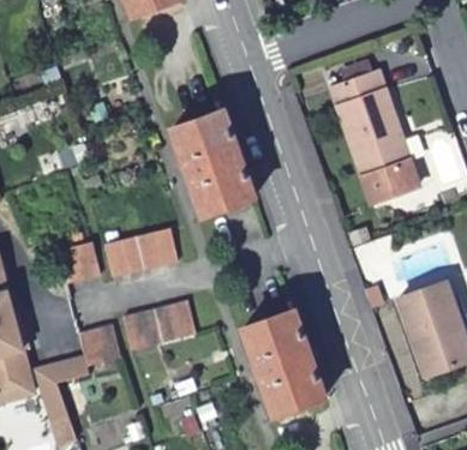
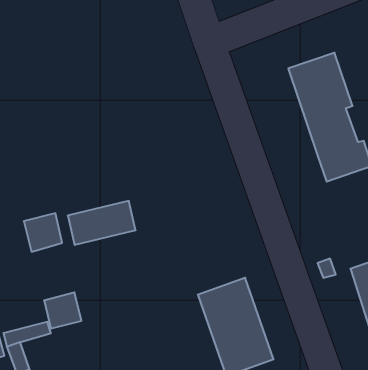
building: [169,110,251,215] -> none
building: [119,301,192,350] -> none

